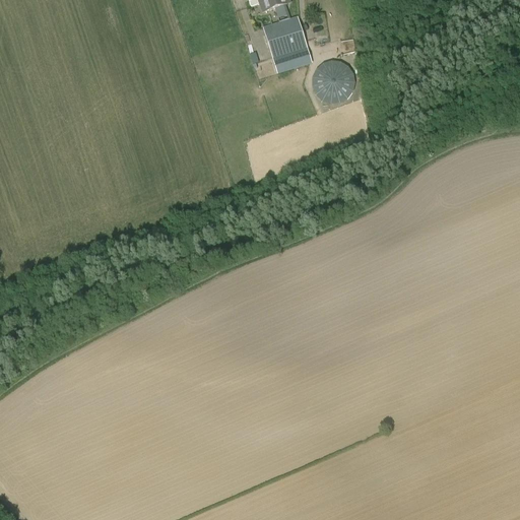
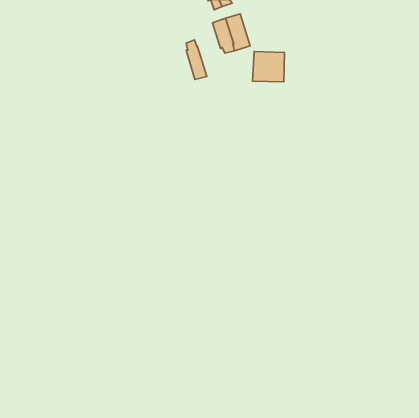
building: none -> [186,40,207,79]

